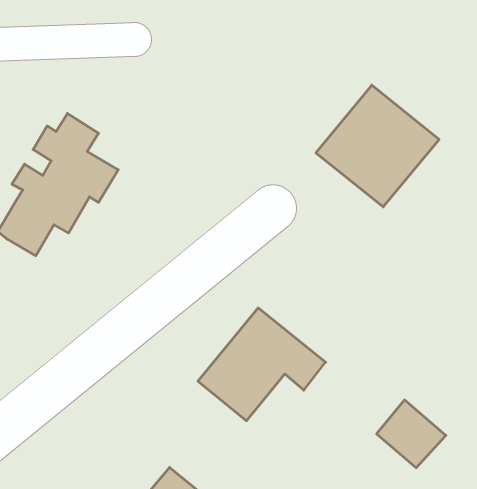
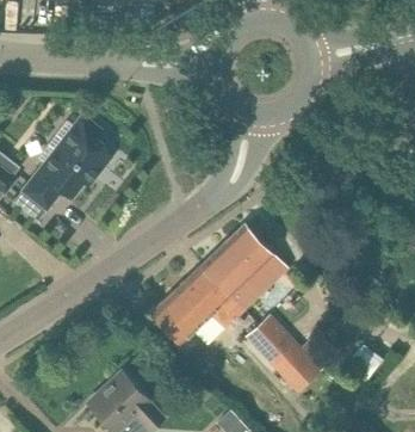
building: [316,85,439,207] -> [199,223,287,310]
building: none -> [246,314,327,372]

